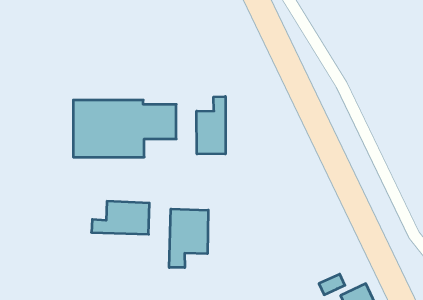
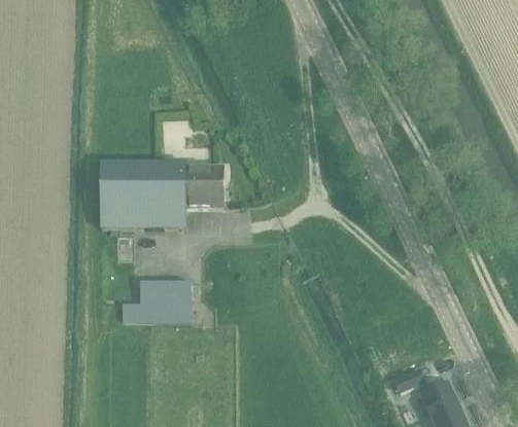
building: [197,96,225,154] -> none
building: [169,209,208,268] -> none

